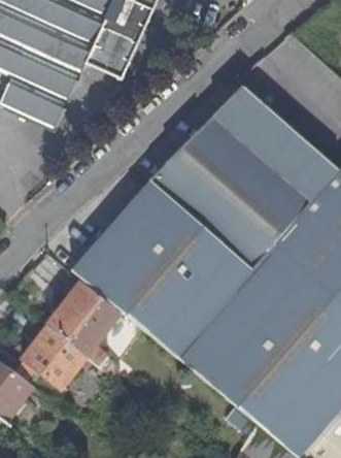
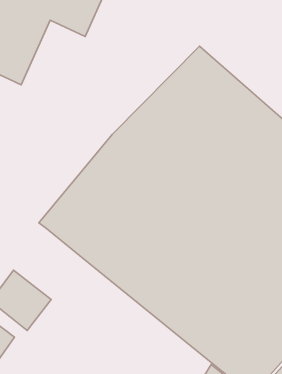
building: [45,280,120,365] -> none

